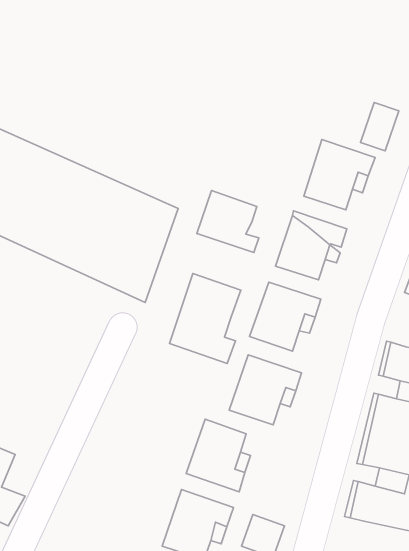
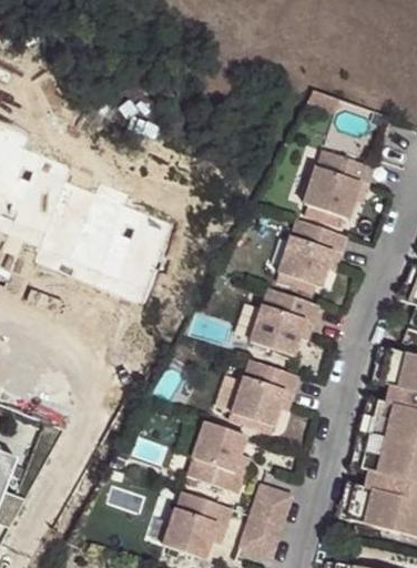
building: [361,102,399,151] -> none
building: [197,191,259,253] -> none
building: [169,274,241,363] -> none
building: none -> [251,483,291,526]

